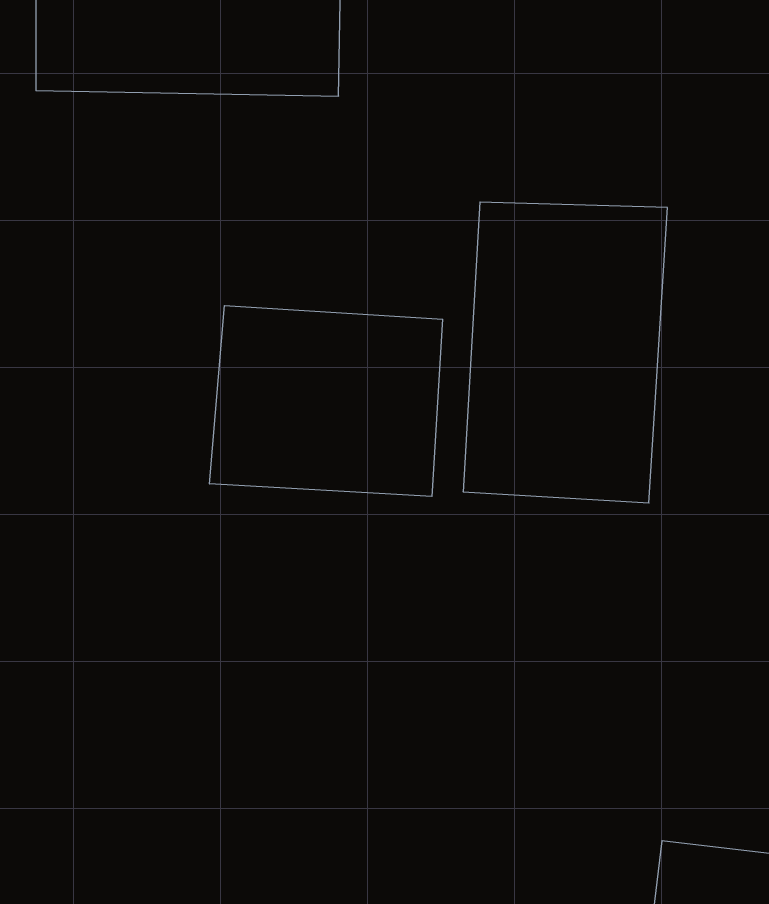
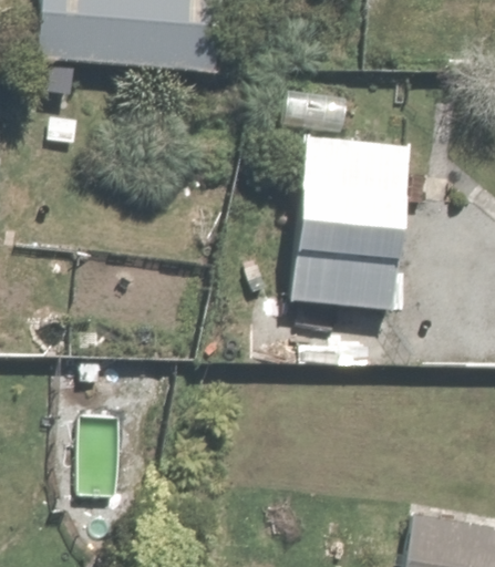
building: [210,306,443,496] -> none

